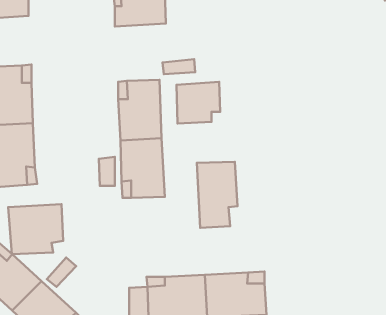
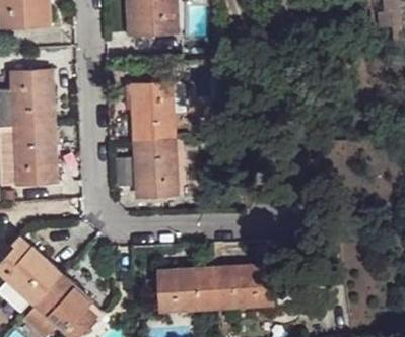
building: [176,82,220,123] -> none
building: [197,162,238,228] -> none
building: [8,204,63,254] -> none

